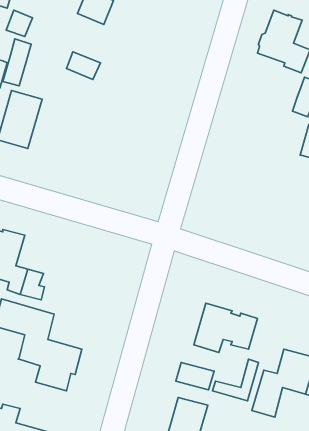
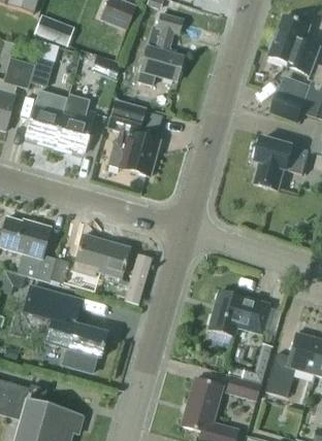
building: none -> [136,12,182,83]
building: none -> [279,74,312,109]
building: none -> [54,94,94,152]
building: none -> [107,101,161,176]
building: none -> [253,136,311,190]
building: none -> [72,233,130,277]
building: [176,362,214,390] -> [224,376,260,402]

